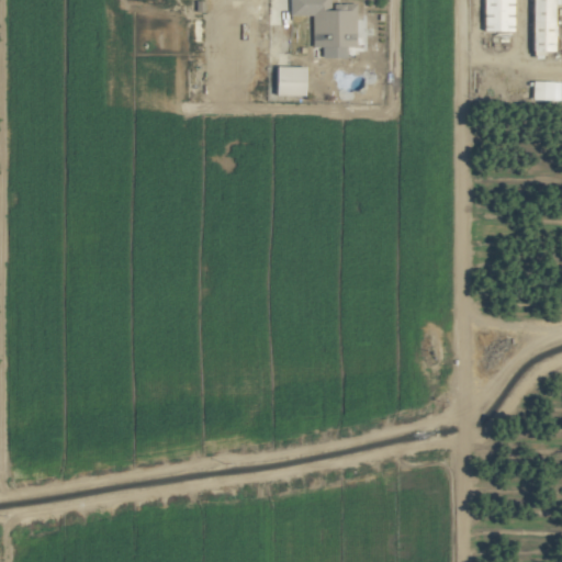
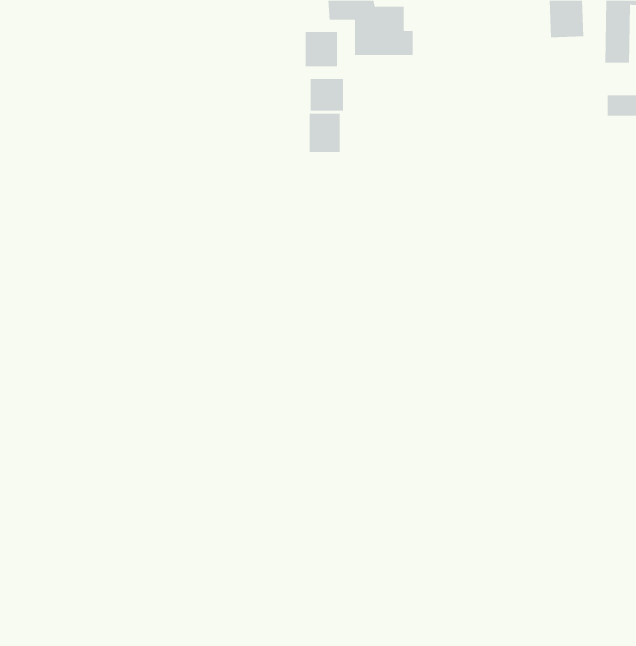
building: none -> [305,31,338,67]
building: none -> [309,113,340,153]

